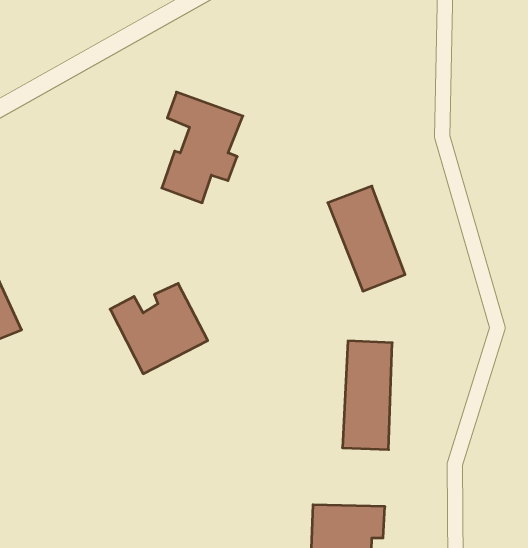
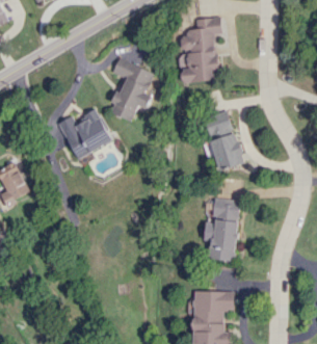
building: none -> [179,18,221,83]
building: [110,283,208,374] -> [56,109,111,160]

